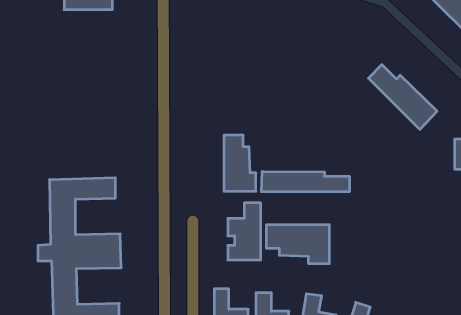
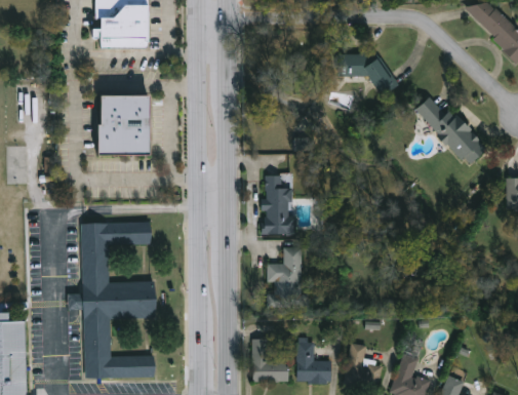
building: none -> [344,47,399,101]
building: none -> [98,95,149,154]
building: [261,171,349,192] -> none
building: [267,225,329,264] -> none

